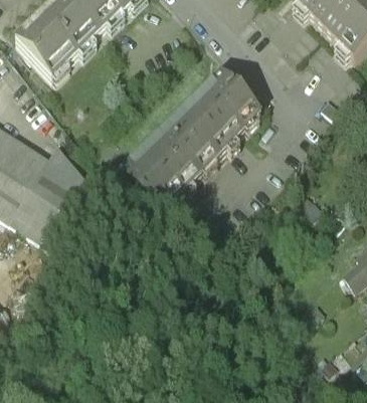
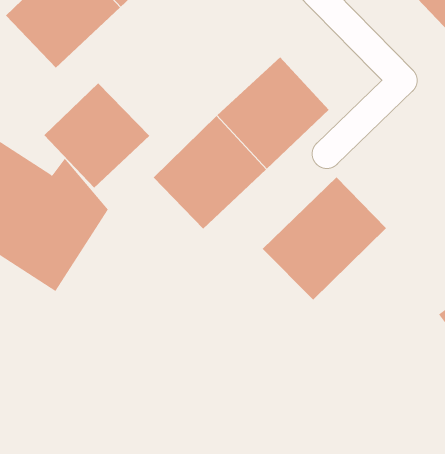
building: none -> [44,82,150,188]
building: none -> [262,177,387,300]

